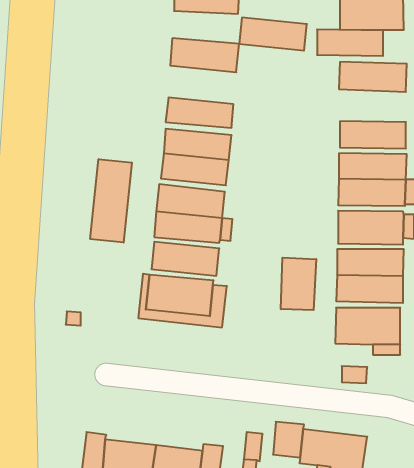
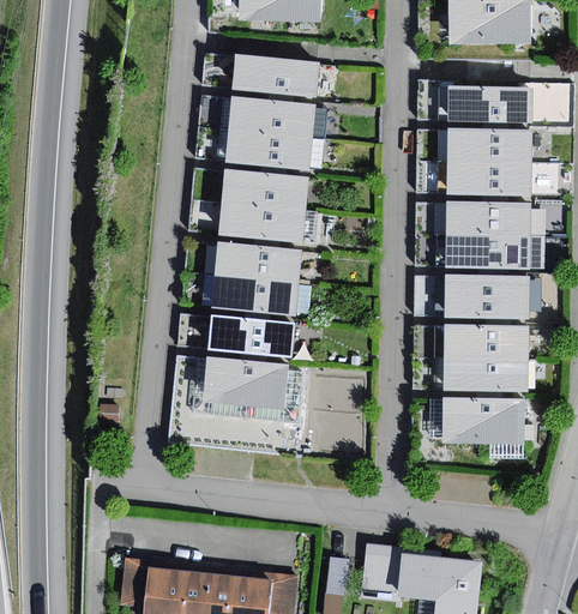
building: [239,18,307,51] -> [229,97,315,139]
building: [317,29,383,56] -> [447,128,531,162]
building: [90,159,132,243] -> none
building: [281,258,316,310] -> none

